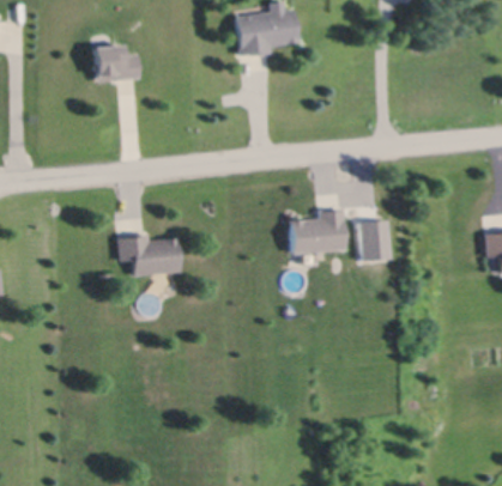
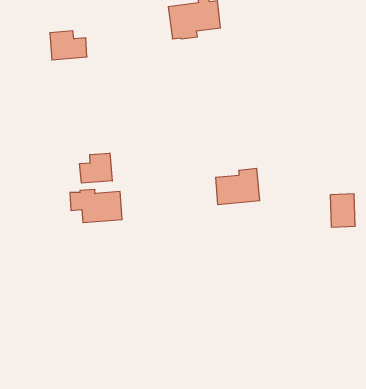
building: none -> [80,153,112,183]
building: [356,220,386,260] -> [330,194,355,227]

